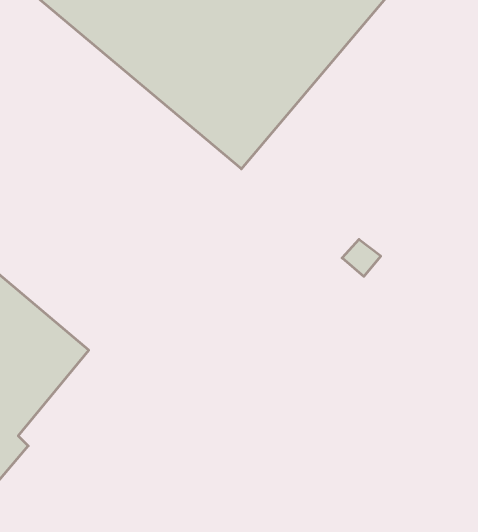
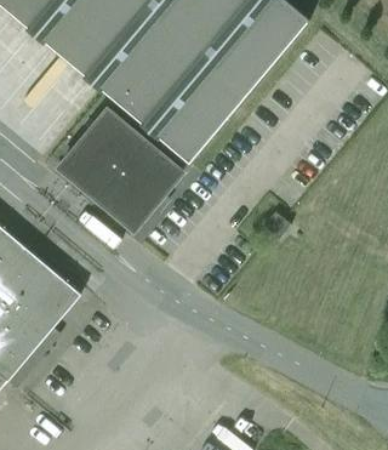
building: none -> [61,110,181,229]

